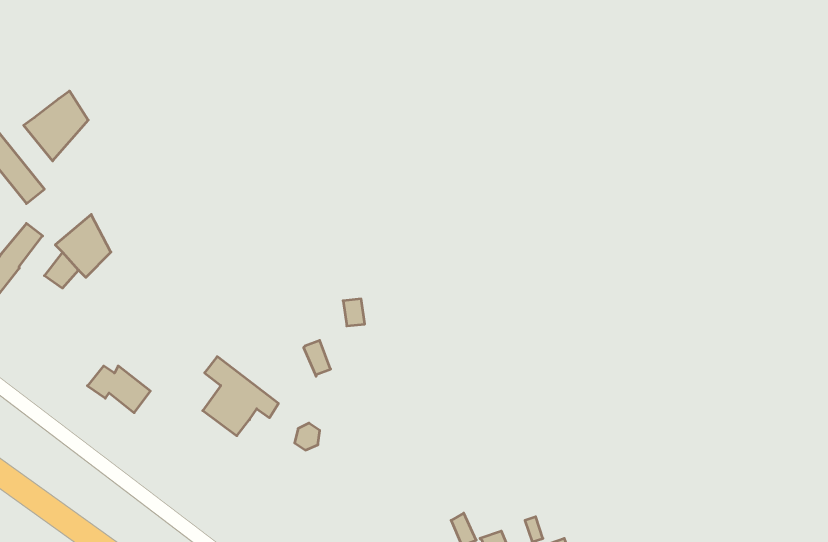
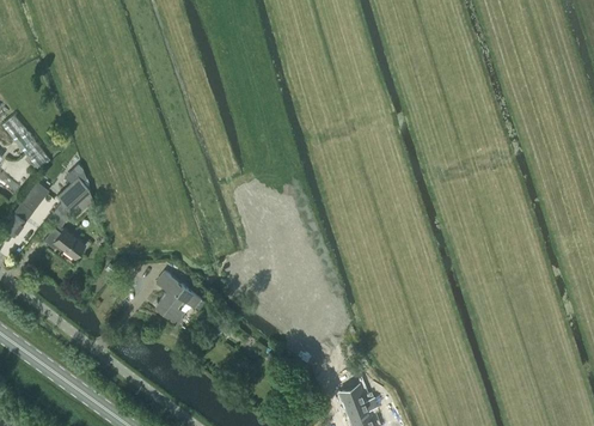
building: [24,91,88,161] -> none
building: [87,366,150,413] -> [44,227,86,258]

